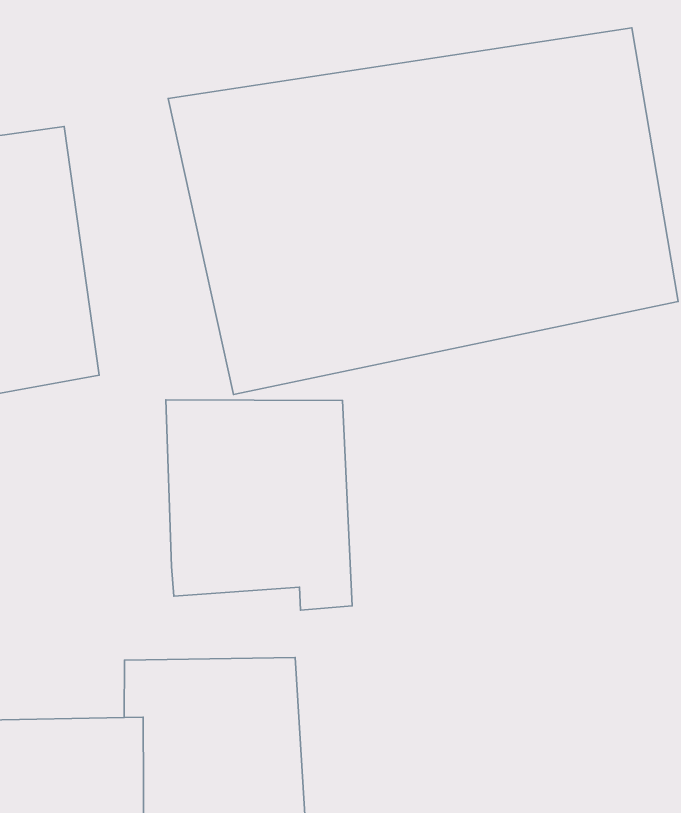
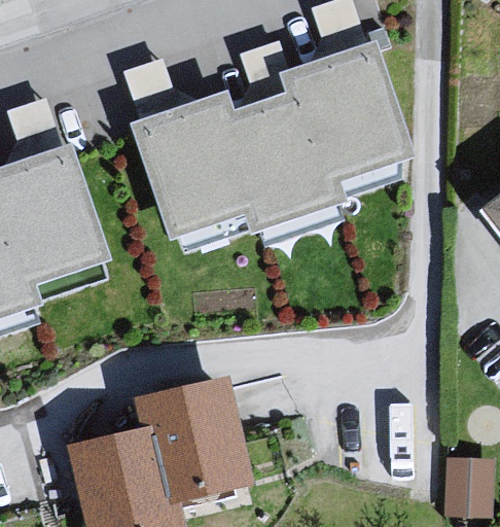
building: [166,400,352,610] -> none

